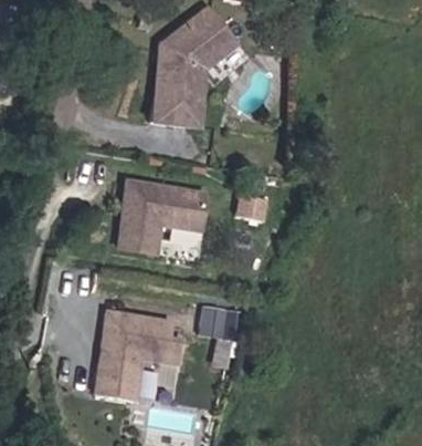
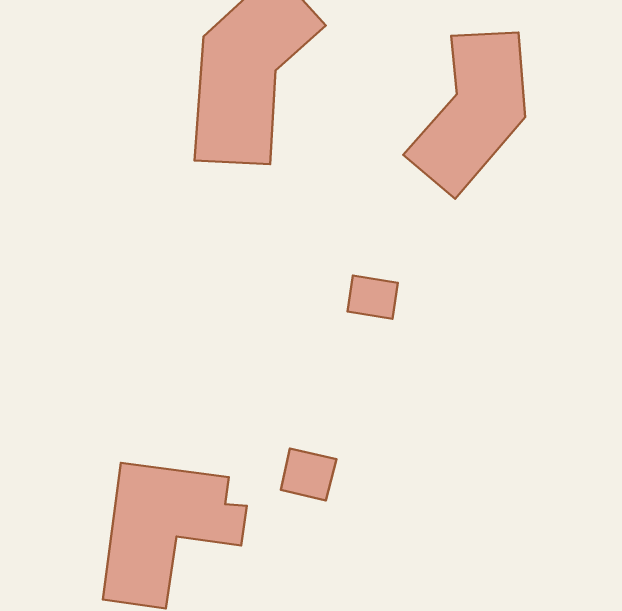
building: none -> [403,32,525,199]
building: [116,184,202,255] -> none

